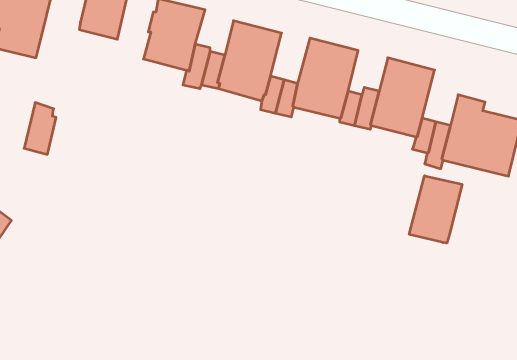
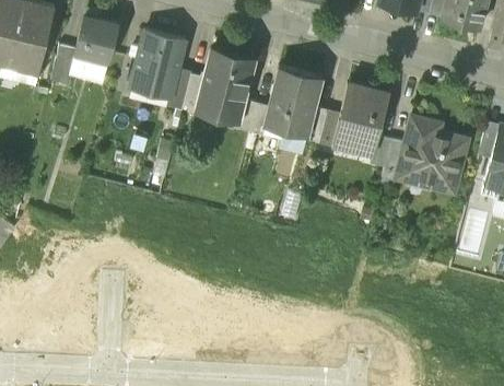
building: [24,103,56,154] -> [49,47,78,93]
building: [409,176,462,243] -> none

